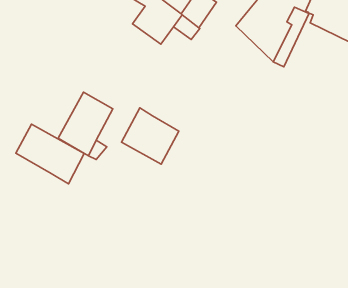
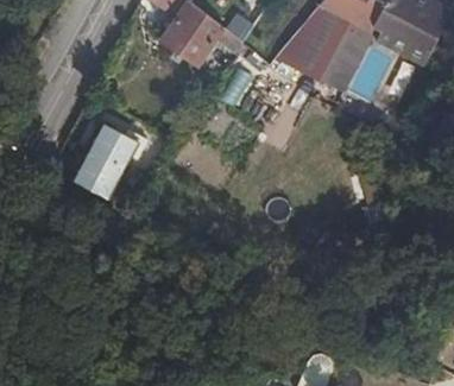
building: [121,108,179,164] -> none
building: [16,124,84,184] -> none

